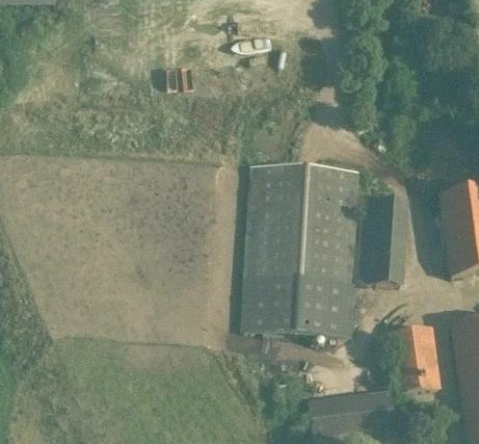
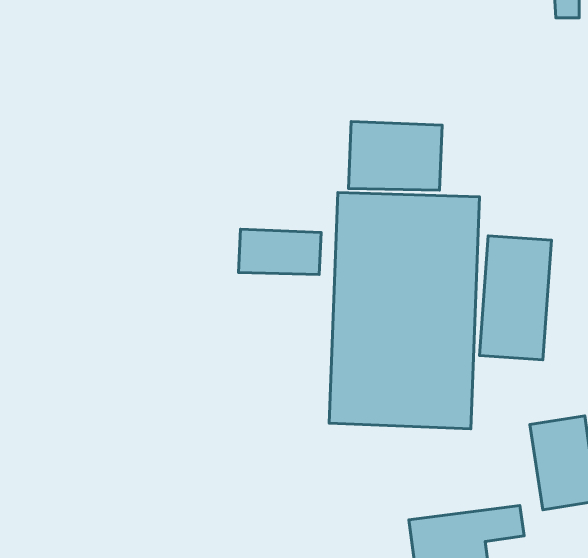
building: none -> [348,122,442,190]
building: none -> [239,229,321,275]

